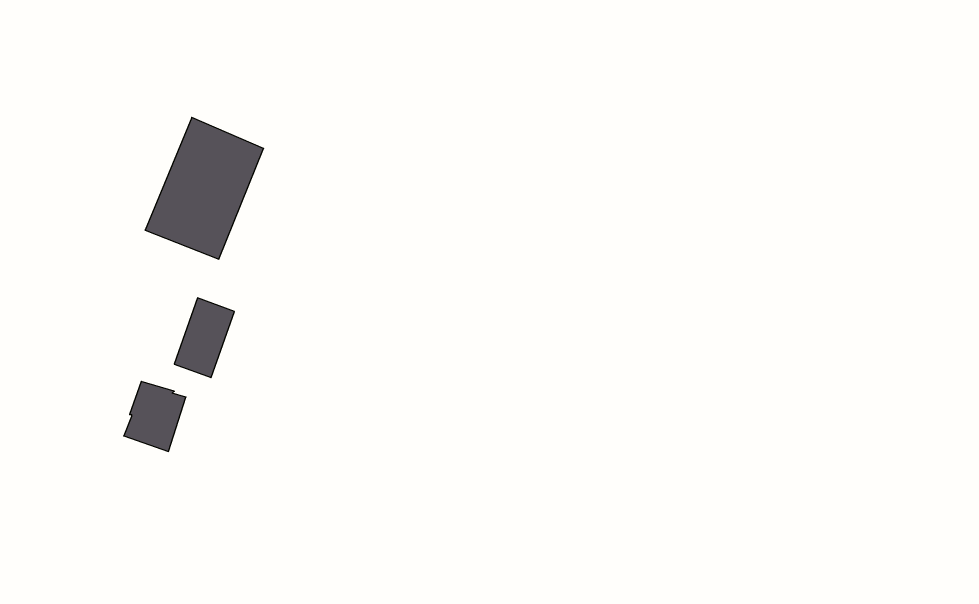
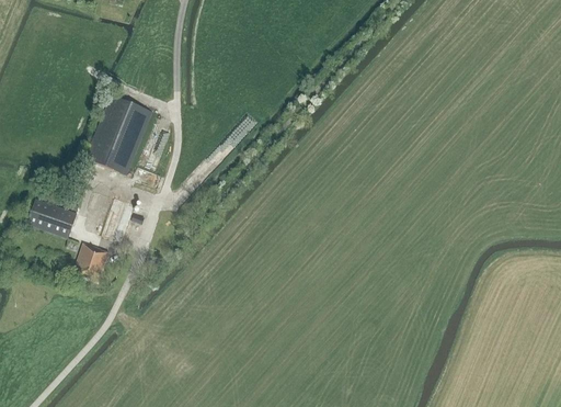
building: none -> [26,197,77,237]

